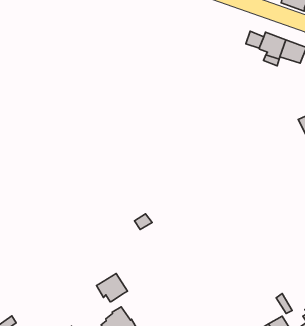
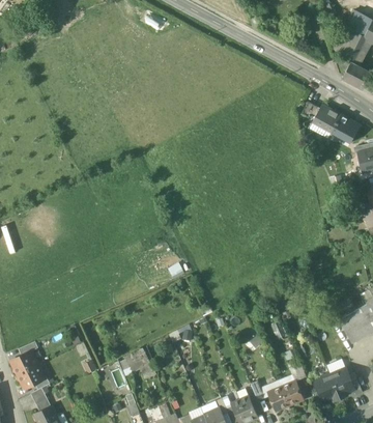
building: [97,273,127,302] -> none

